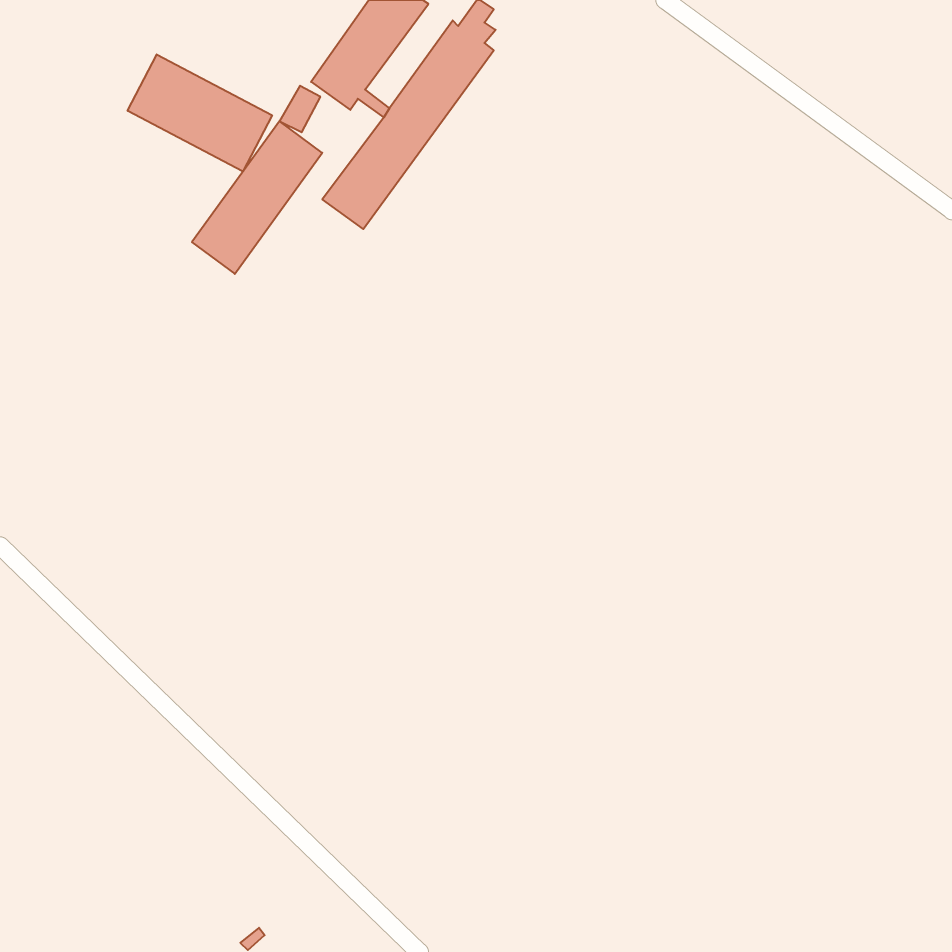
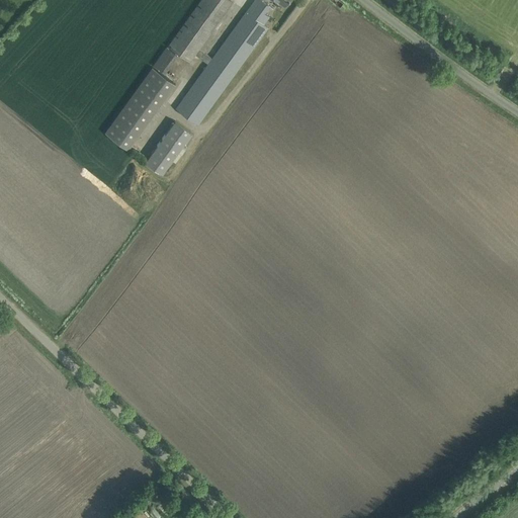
building: [128,54,272,172] -> none
building: none -> [145,121,191,174]

